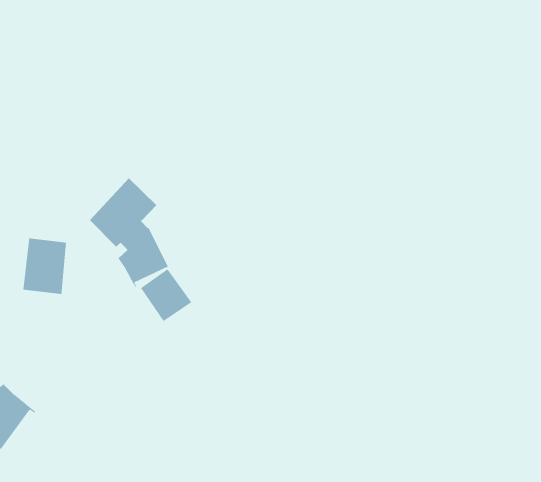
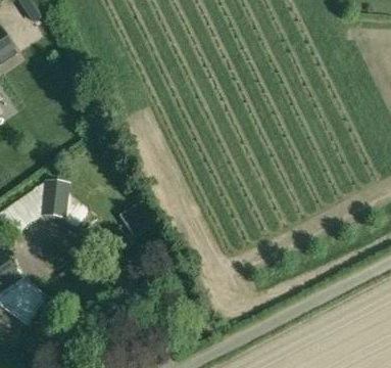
building: [89,177,169,288] -> none

